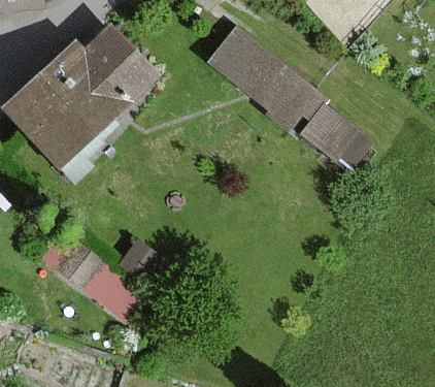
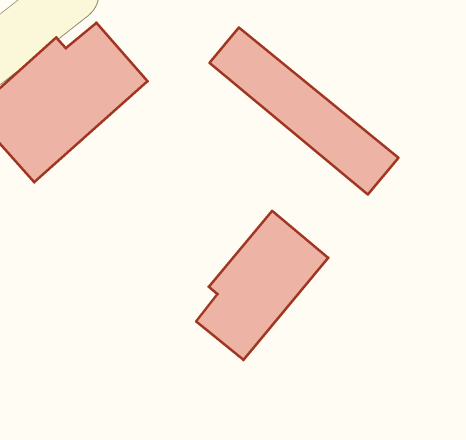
building: none -> [196,211,328,360]

